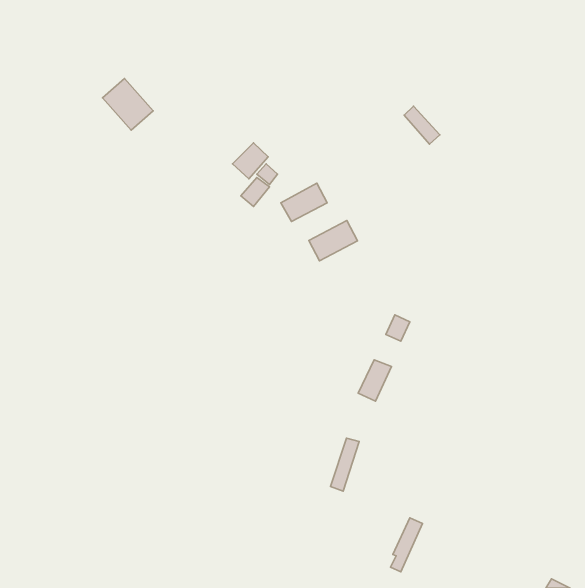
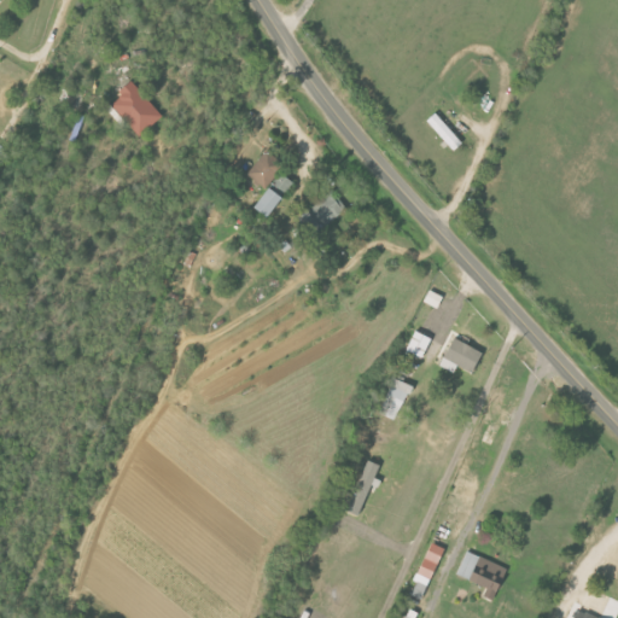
building: [309,221,357,261] -> none
building: none -> [438,337,482,372]
building: none -> [455,549,507,599]

